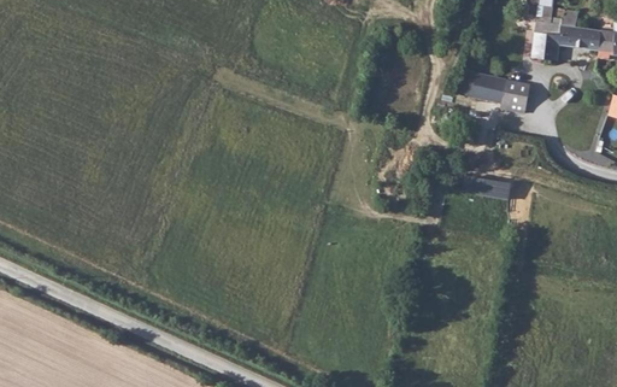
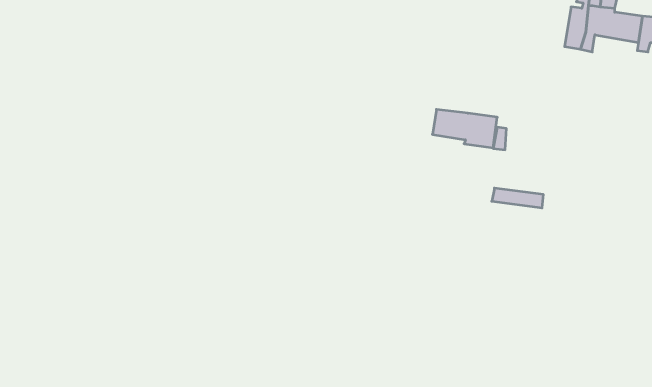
building: [469,76,528,111] -> [432,109,497,148]

